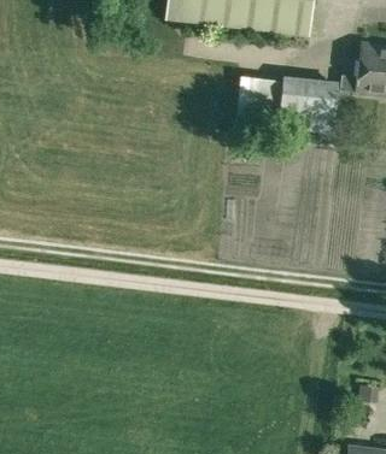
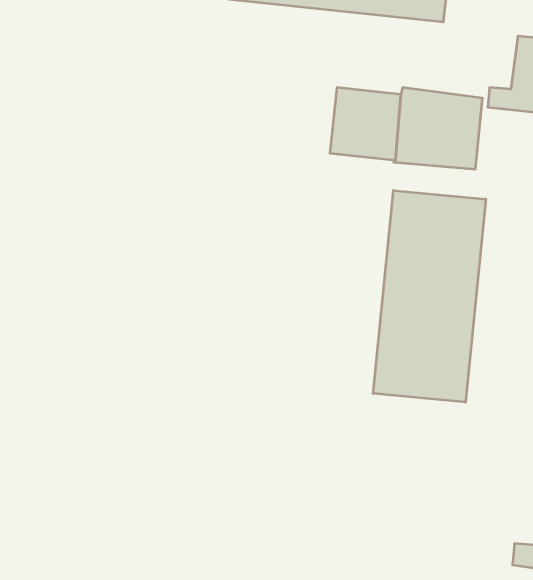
building: none -> [373,190,486,402]

